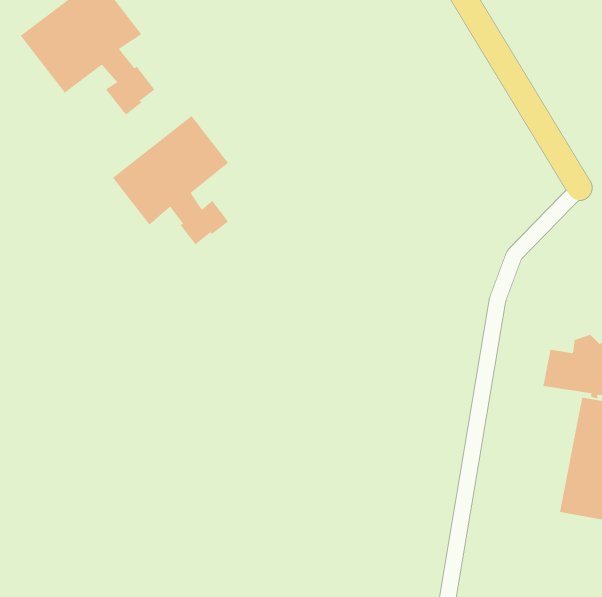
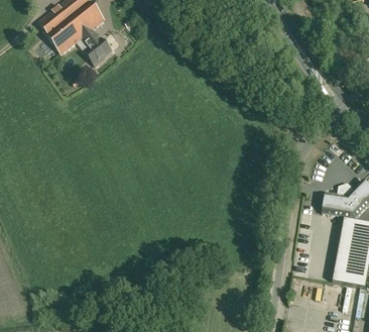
building: [112,115,229,245] -> none

